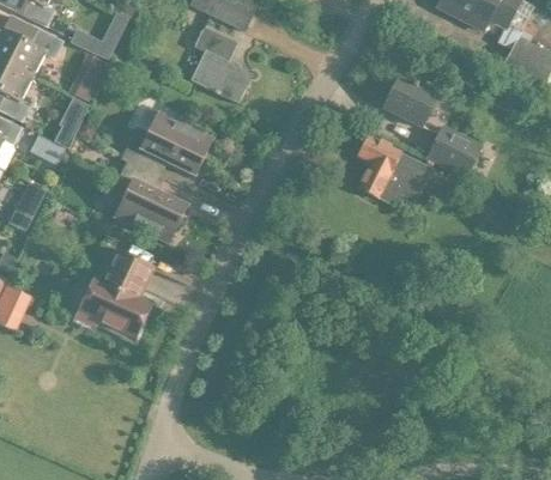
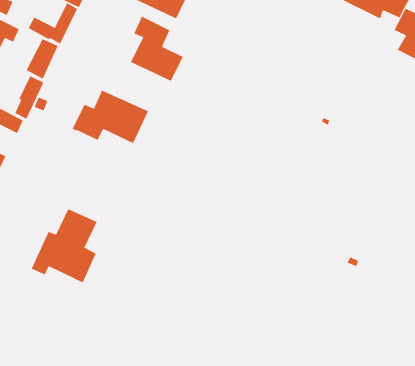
building: [383,75,438,127] -> none
building: [426,124,482,176] -> none
building: [357,134,431,206] -> none
building: [114,158,187,243] -> none

